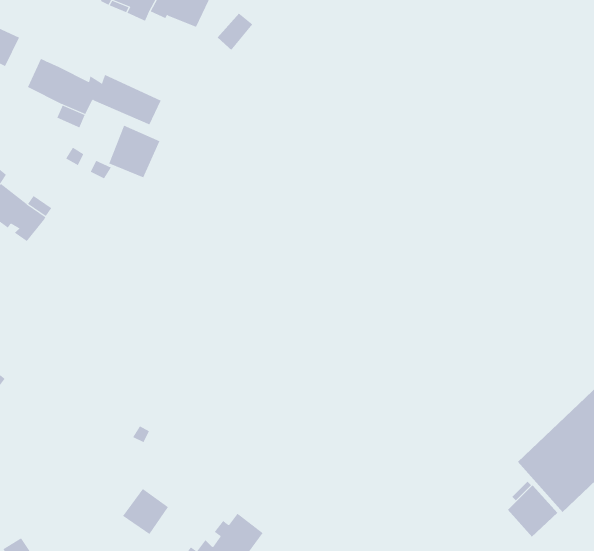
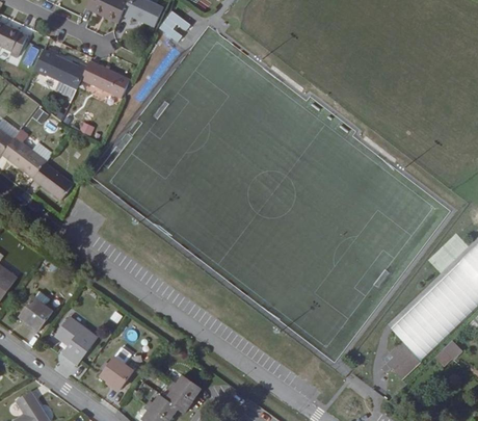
building: [108,125,160,178] -> none
building: none -> [32,163,73,202]
building: none -> [20,295,53,328]
building: none -> [55,315,98,363]

